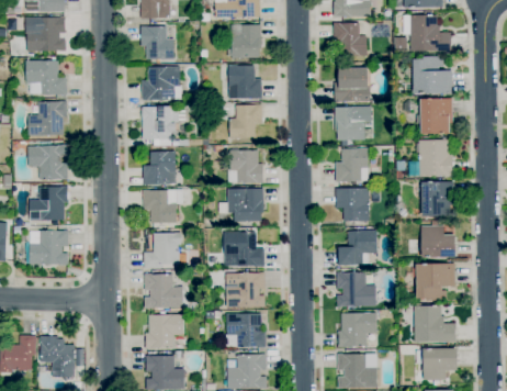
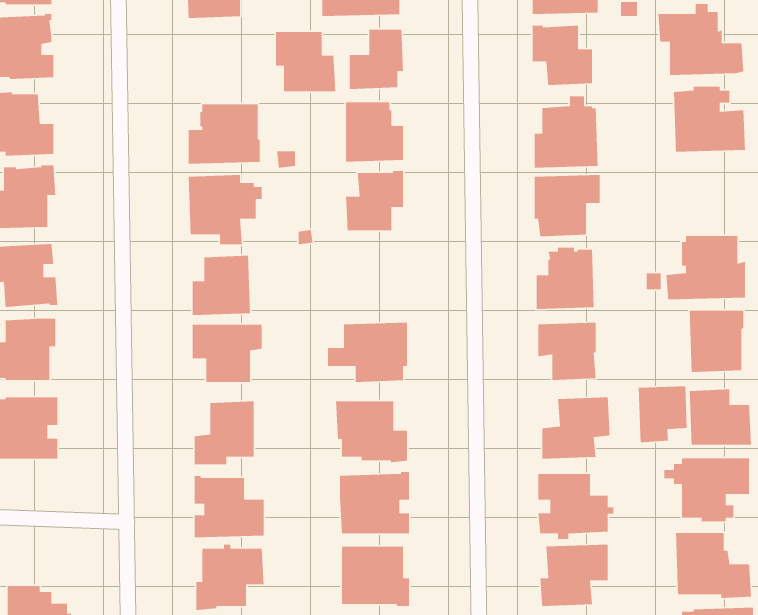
building: [140,26,174,60] -> [275,31,336,92]
building: [419,99,452,134] -> none
building: [227,148,262,185] -> none
building: none -> [638,385,687,443]

